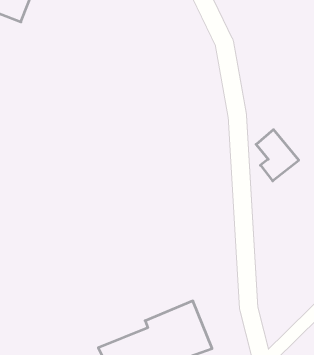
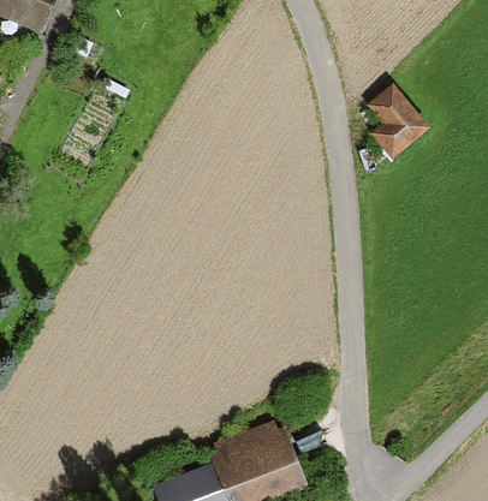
building: [256,130,299,181] -> [369,84,428,155]

